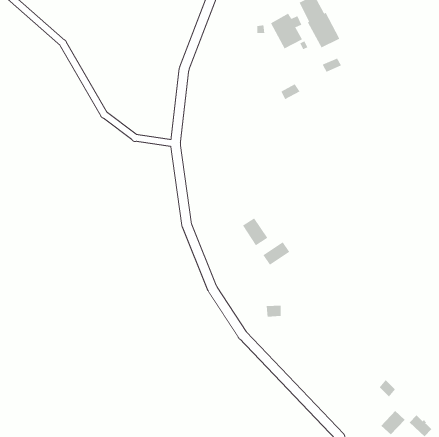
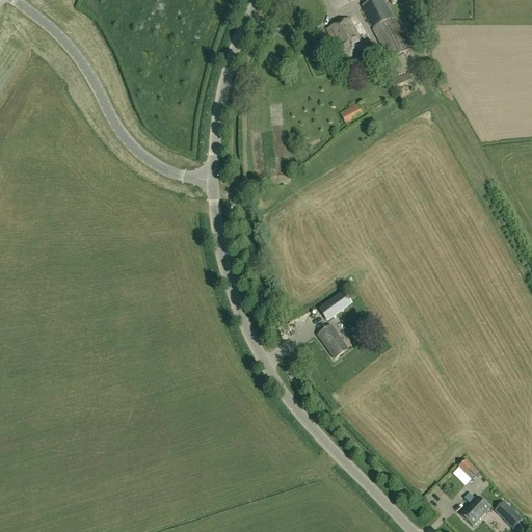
building: [242,217,268,246] -> none
building: none -> [317,324,347,356]

